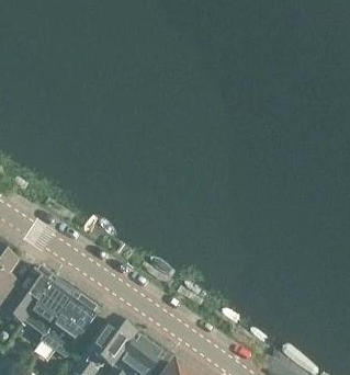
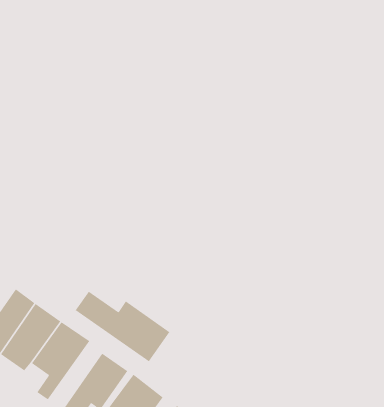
building: none -> [75,291,170,362]

